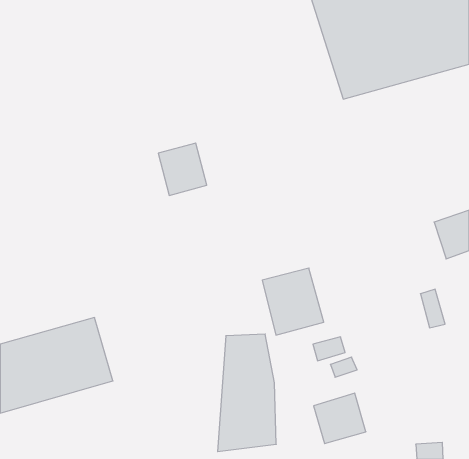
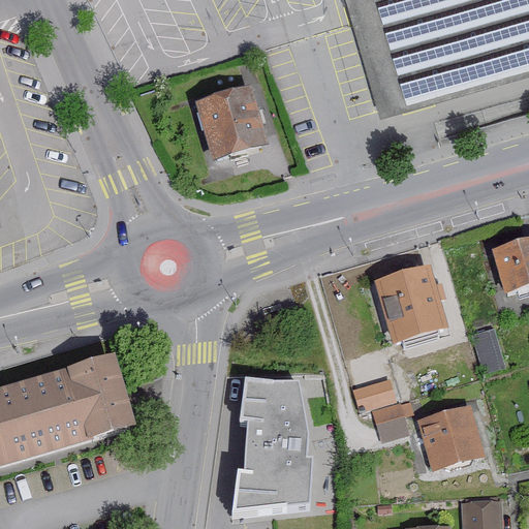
building: [158,143,207,195] -> [205,89,259,148]
building: [262,268,324,335] -> [371,267,440,342]
building: [314,393,366,444] -> [422,404,480,461]

